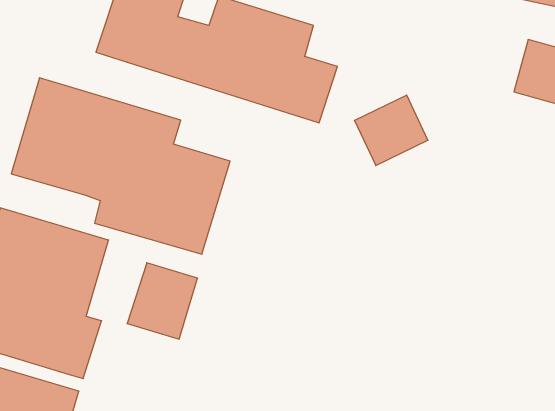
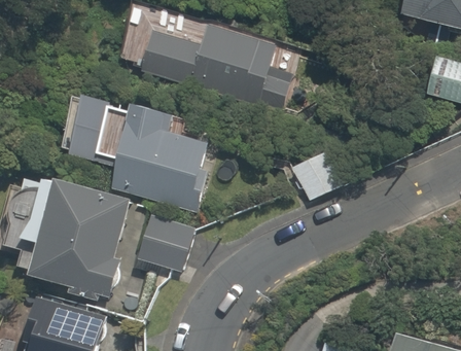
building: [354,95,428,166] -> [294,150,348,202]

